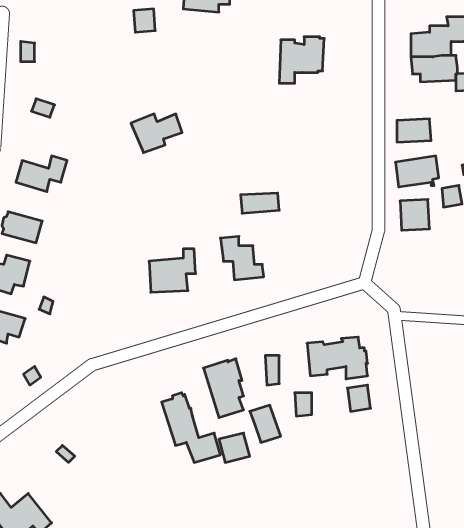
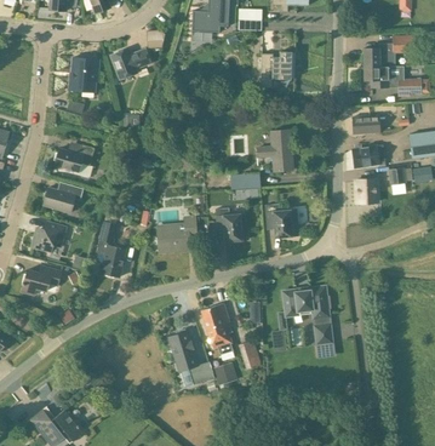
building: none -> [69,57,99,92]
building: [131,114,182,153] -> [110,48,150,79]
building: none -> [257,130,293,171]
building: none -> [265,204,298,236]
building: none -> [97,215,126,276]

